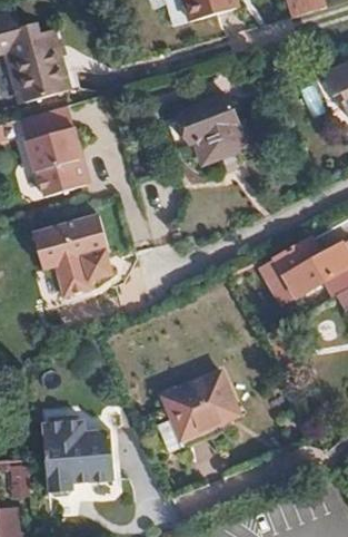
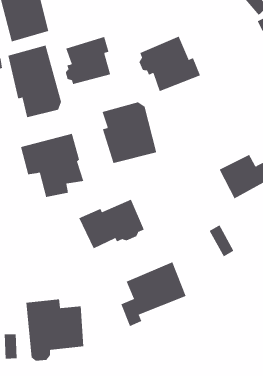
building: none -> [65,36,111,85]
building: none -> [102,101,157,164]
building: none -> [78,199,144,249]

